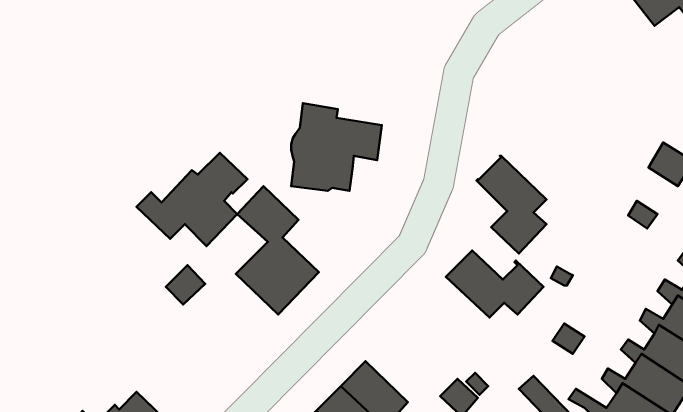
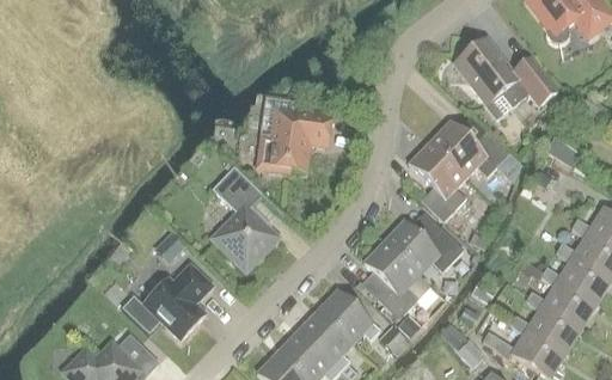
building: none -> [454,36,557,116]
building: none -> [428,118,508,176]
building: [137,153,247,246] -> [122,262,213,338]
building: none -> [362,239,418,317]
building: none -> [317,287,379,342]

